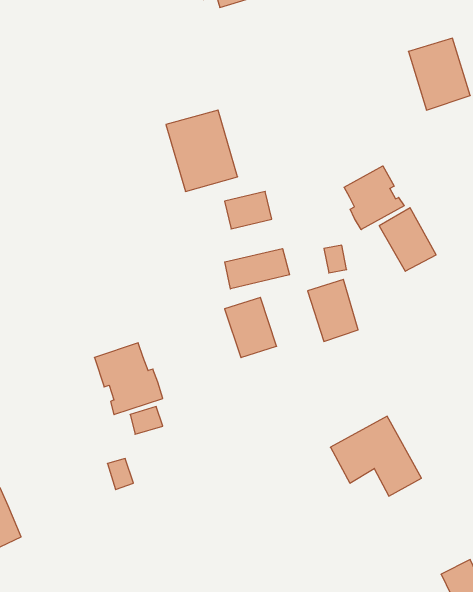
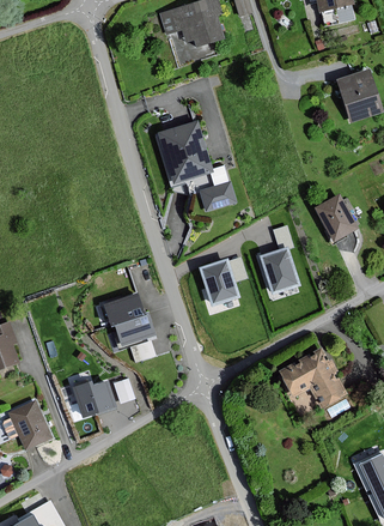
building: [344,166,404,230] -> none
building: [225,249,290,289] -> none
building: none -> [73,381,115,416]

